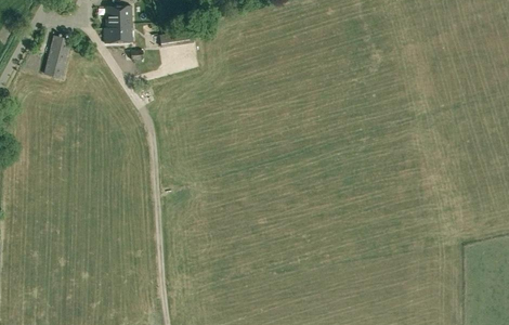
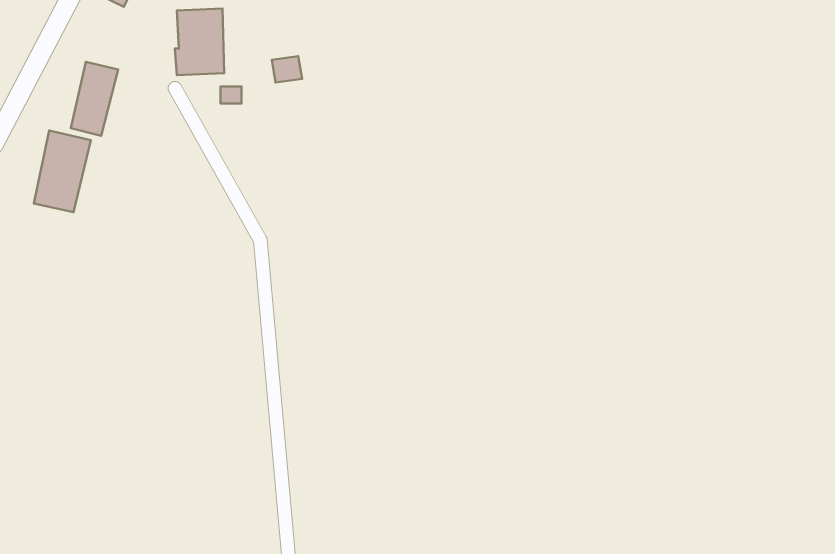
building: none -> [34,130,91,212]

